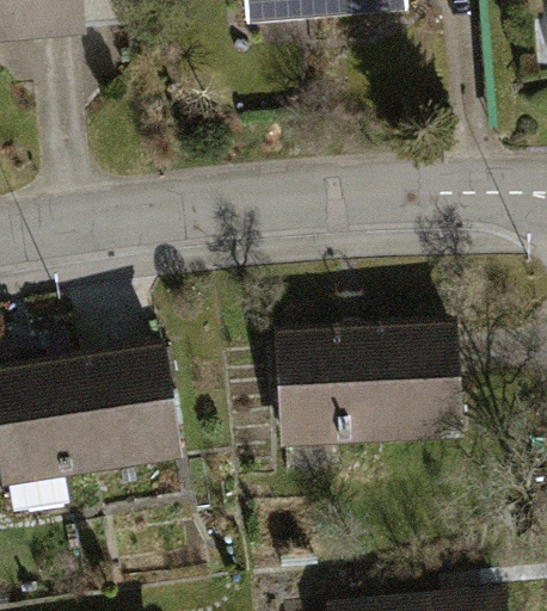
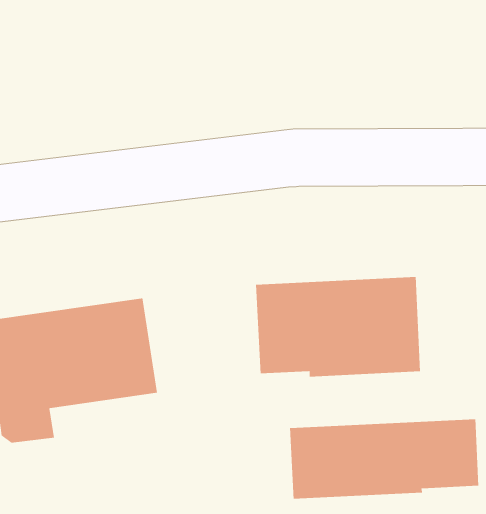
building: none -> [290,418,479,499]

